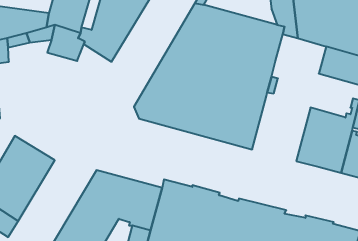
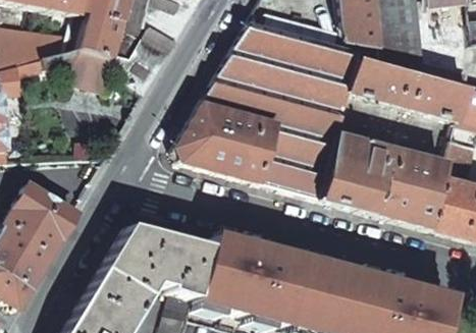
building: none -> [349,57,411,105]
building: none -> [320,132,391,212]

